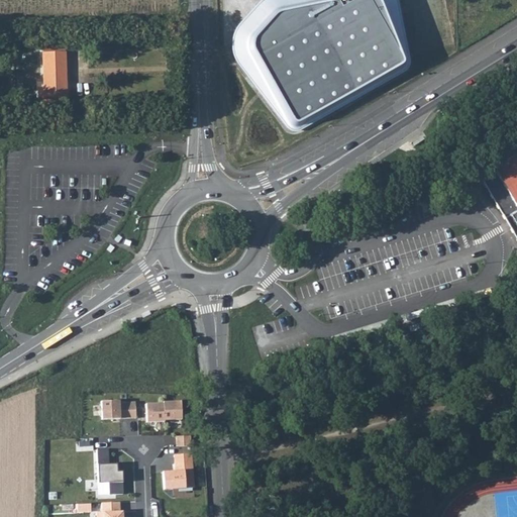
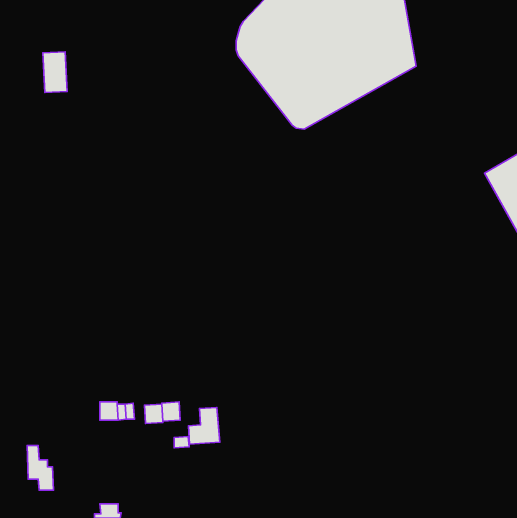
building: [97,447,123,492] -> [27,445,54,490]
building: [163,451,194,488] -> [188,408,220,444]

